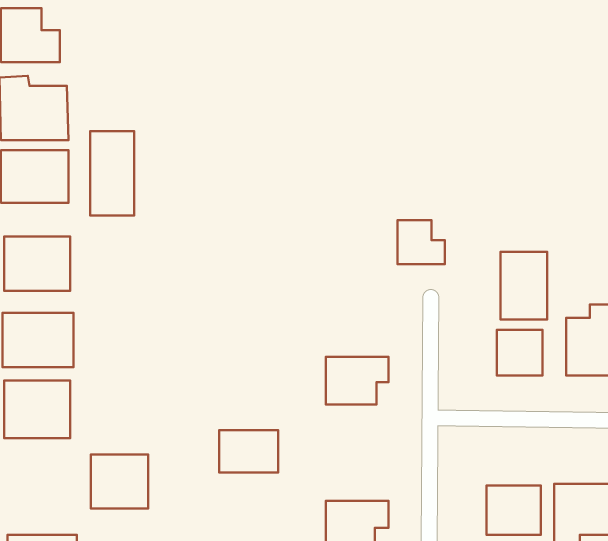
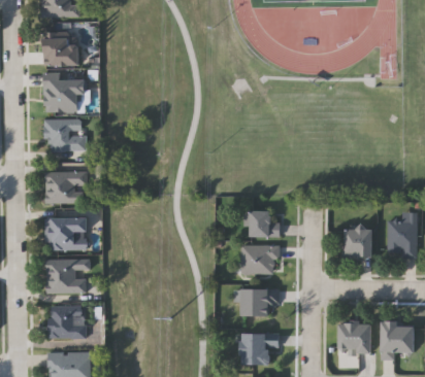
building: [90,131,134,216] -> none
building: [398,220,445,264] -> [251,210,280,237]
building: [501,252,547,319] -> none
building: [219,430,278,472] -> [241,288,277,314]
building: [91,454,148,509] -> [48,305,84,338]

